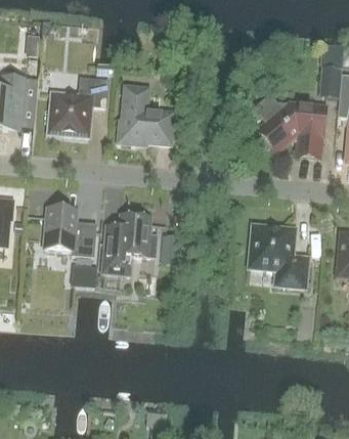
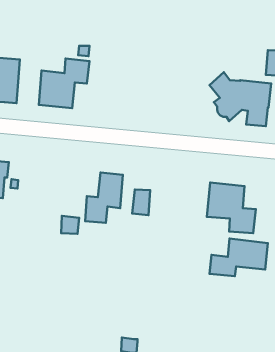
building: [119,86,173,142] -> none
building: [44,206,96,255] -> none
building: none -> [210,238,268,276]

